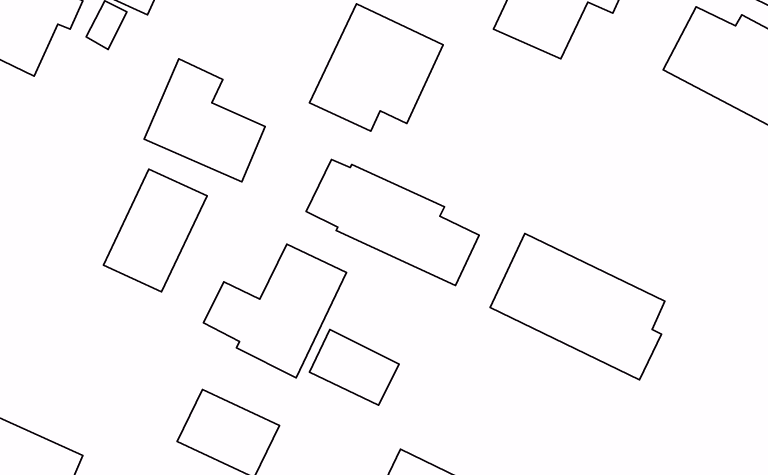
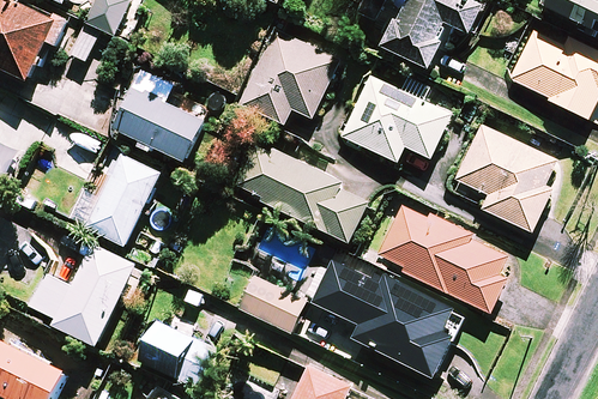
building: none -> [339,75,451,161]
building: none -> [454,125,555,231]
building: [203,244,346,378] -> [26,243,135,345]
building: none -> [310,258,464,377]

